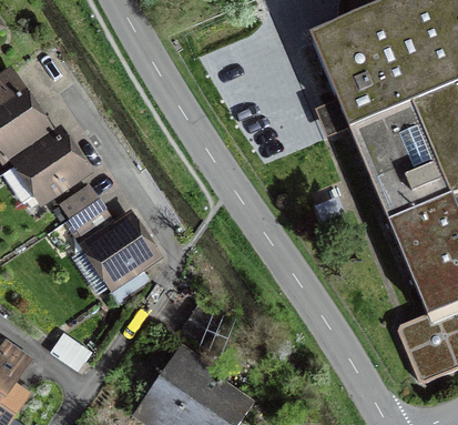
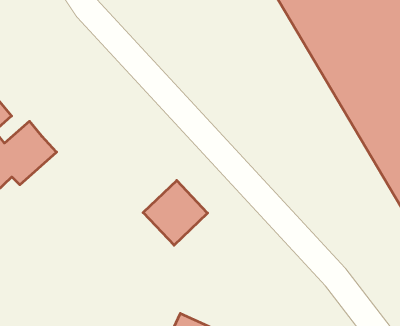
building: [62,182,109,230] -> none
building: [90,215,153,279] -> [143,180,208,245]

